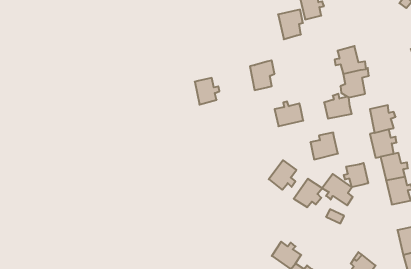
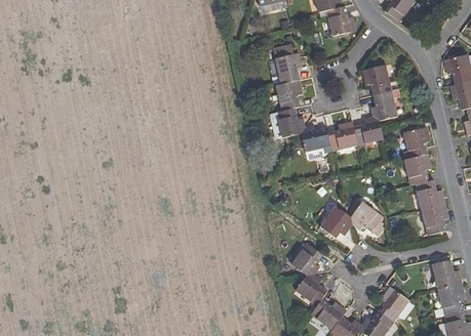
building: [278,10,303,39] -> [272,53,299,85]
building: [195,78,219,105] -> [274,109,301,137]
building: [310,133,338,159] -> [327,120,357,149]
building: [269,160,296,190] -> [292,243,322,275]
building: [344,163,368,187] -> none

